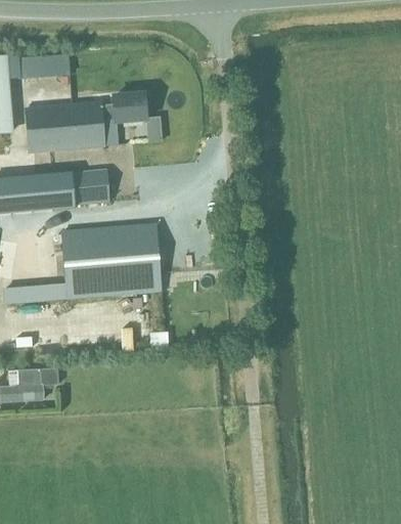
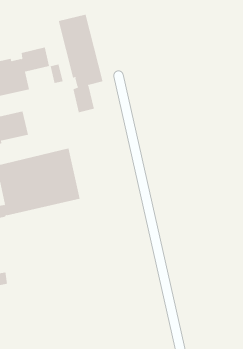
building: none -> [58,14,103,113]

